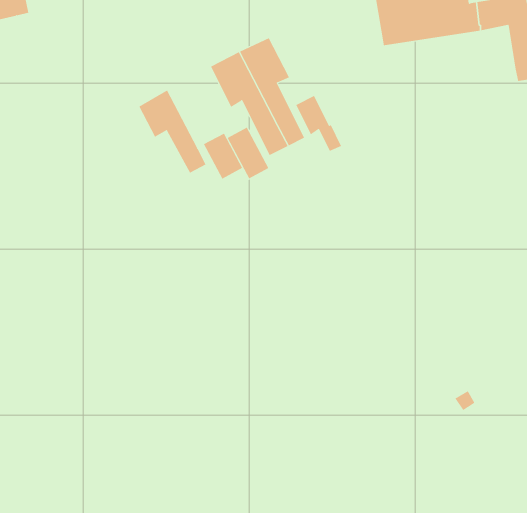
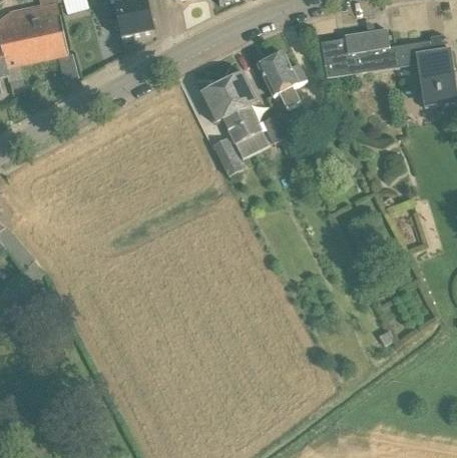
building: none -> [258,51,306,107]
building: [138,90,206,174] -> none
building: [203,133,243,179] -> none

